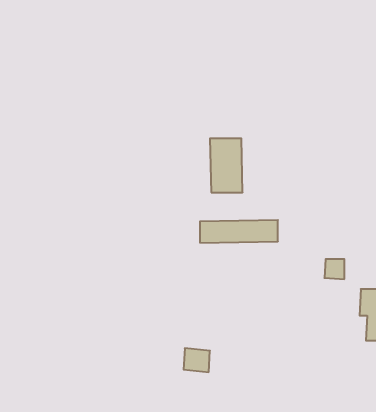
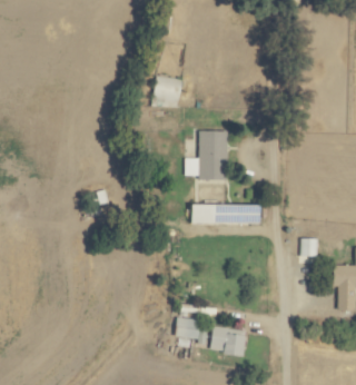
building: none -> [152,76,182,108]
building: none -> [210,327,246,355]

